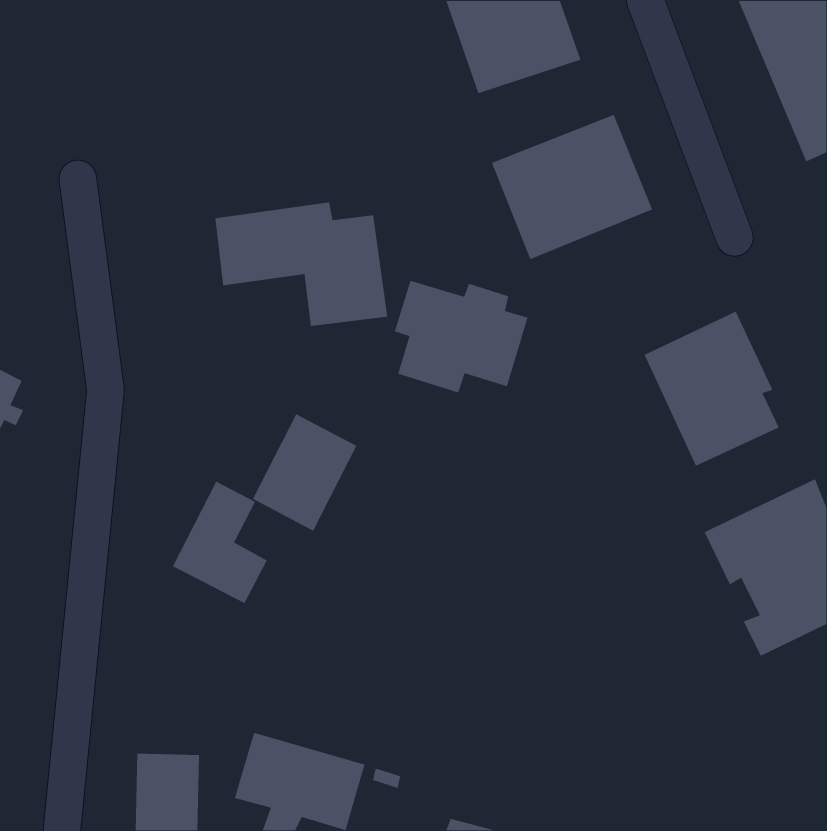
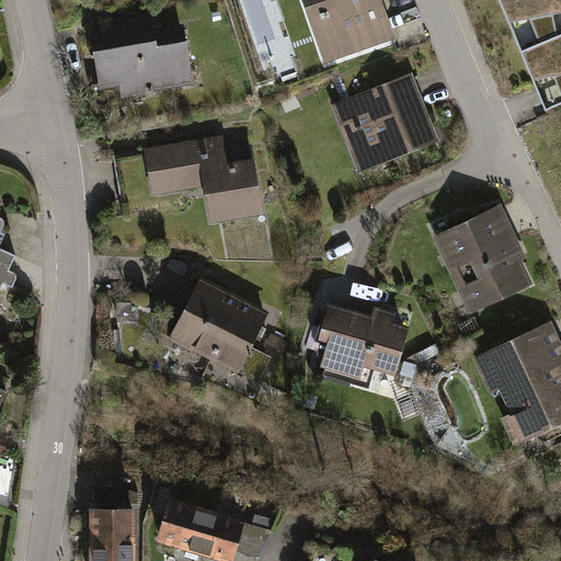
building: none -> [91,15,193,95]
building: [394,280,529,394] -> [320,306,411,382]
building: [172,480,268,604] -> [211,300,276,383]

